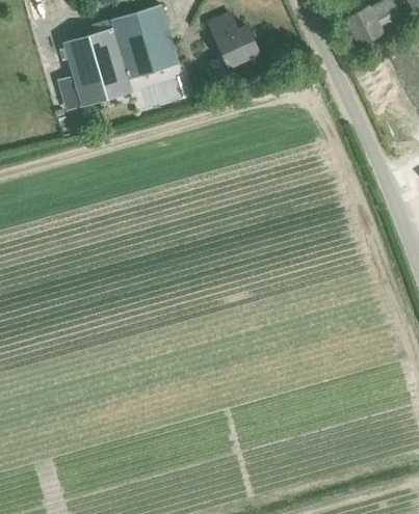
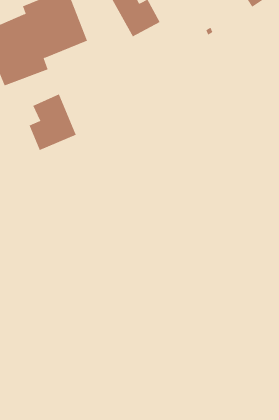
building: none -> [29,93,76,151]

